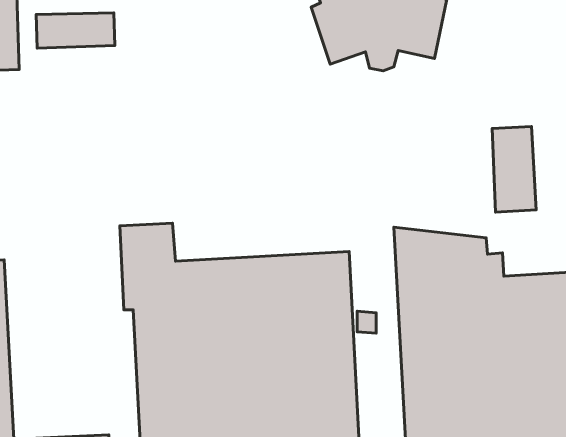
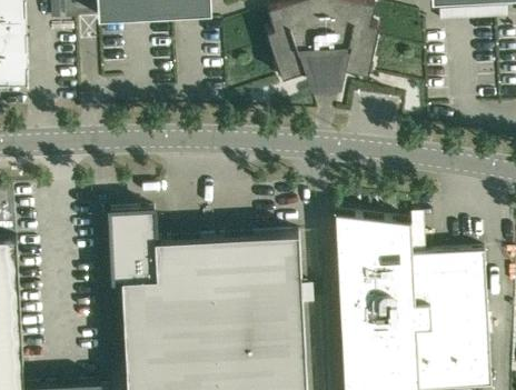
building: [36,13,115,48] -> none
building: [492,126,536,212] -> none

